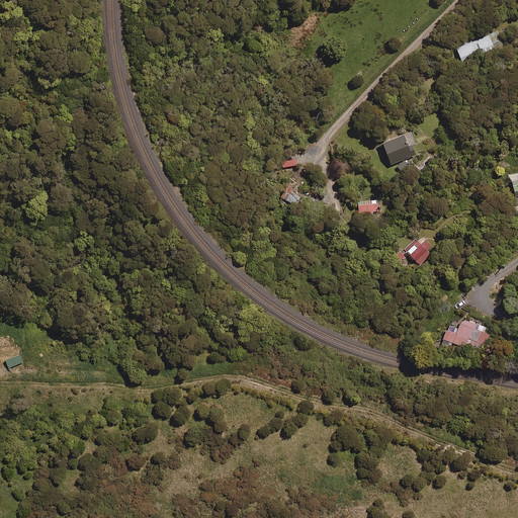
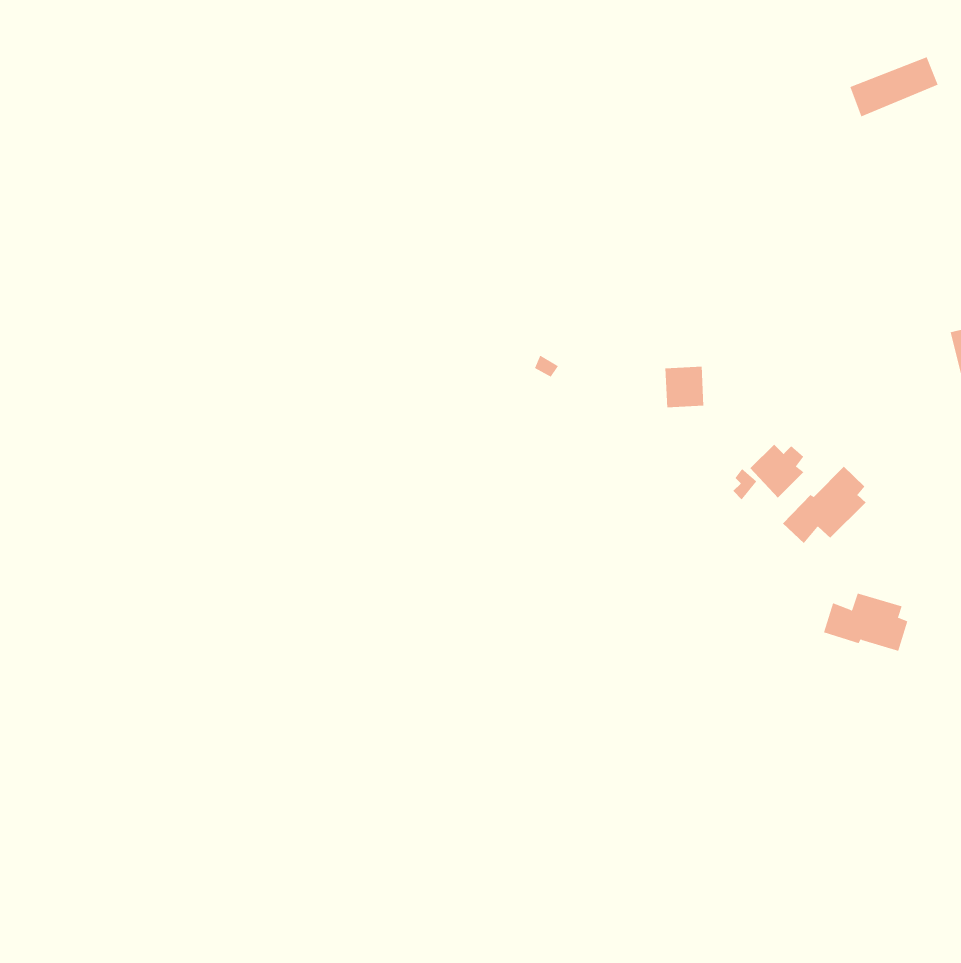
building: [381,134,416,164] -> none
building: none -> [782,466,866,544]

